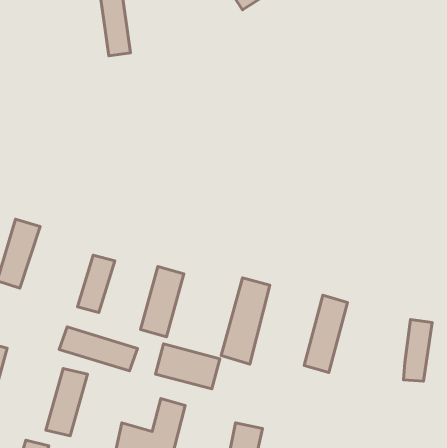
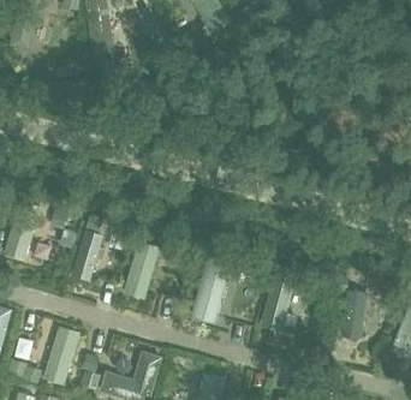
building: [59,327,138,371] -> none
building: [156,344,220,389] -> none

